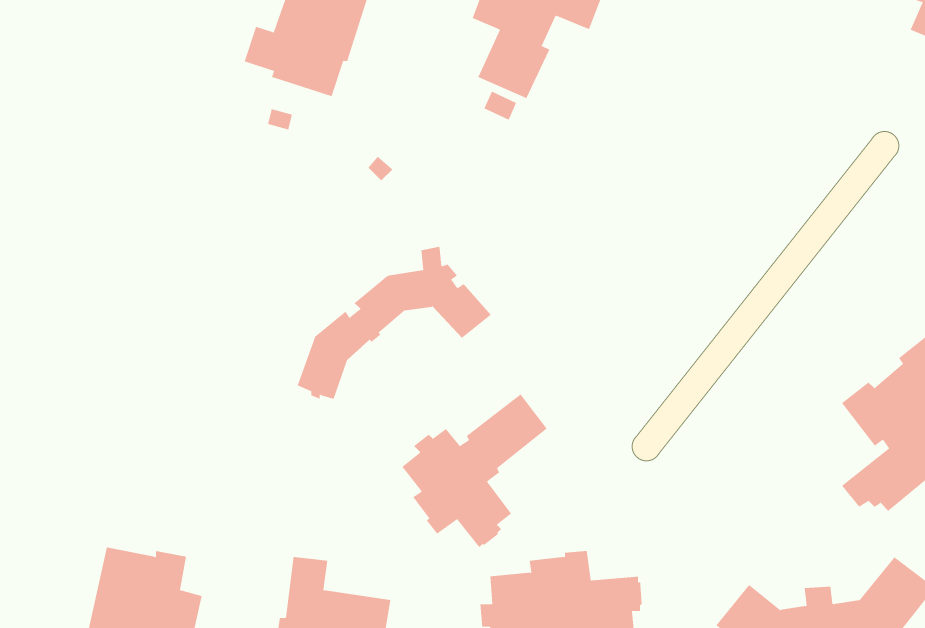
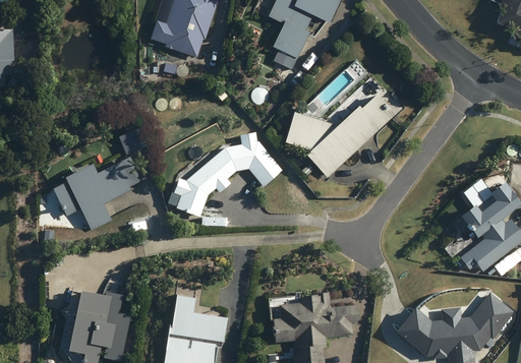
building: none -> [283,89,395,177]
building: none -> [52,157,140,231]
building: [402,394,548,548] -> none

